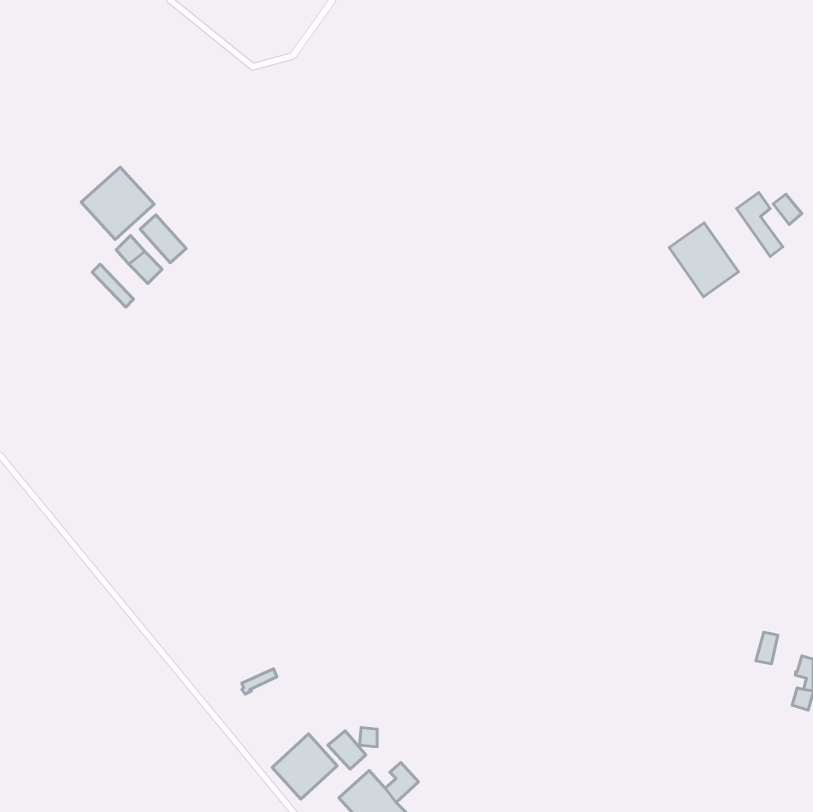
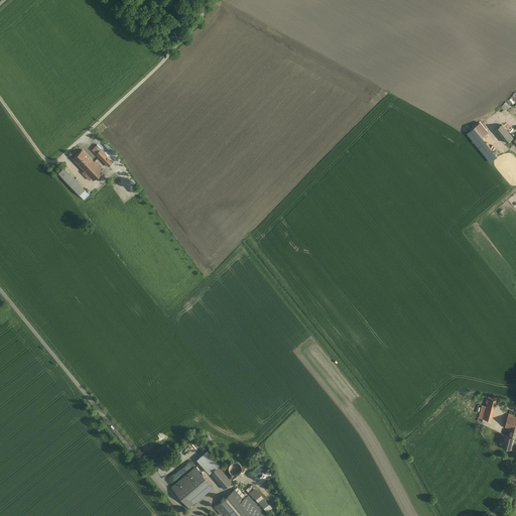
building: [81,167,154,239] -> none
building: [669,223,739,297] -> none

